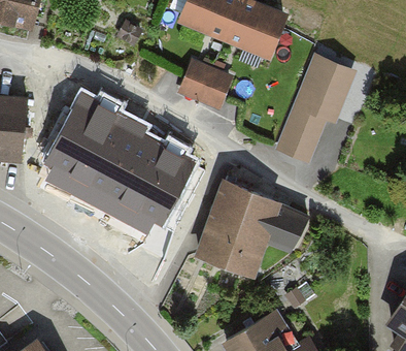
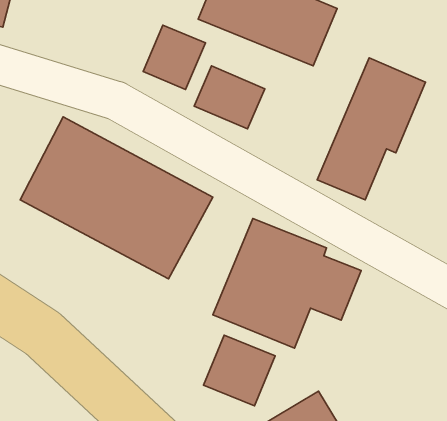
building: none -> [143,25,205,89]
building: none -> [204,335,275,406]

